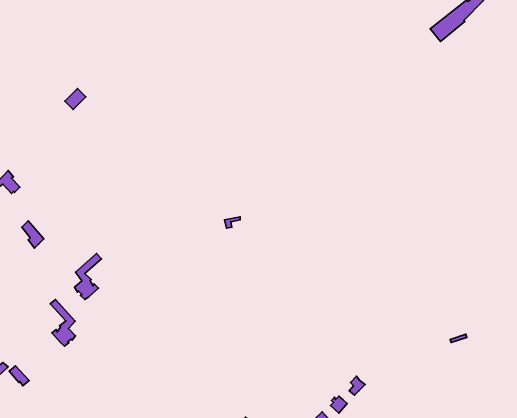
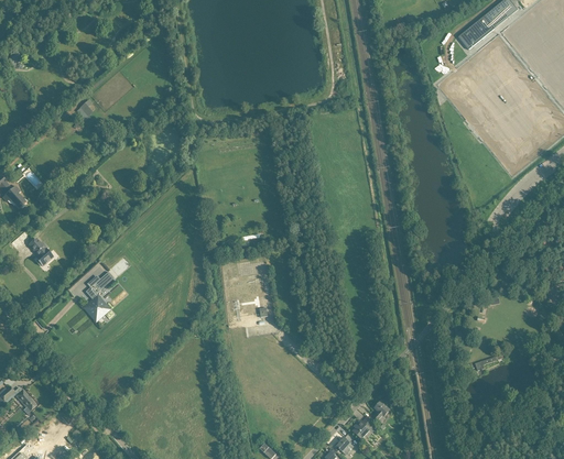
building: [50,300,75,346] -> none

